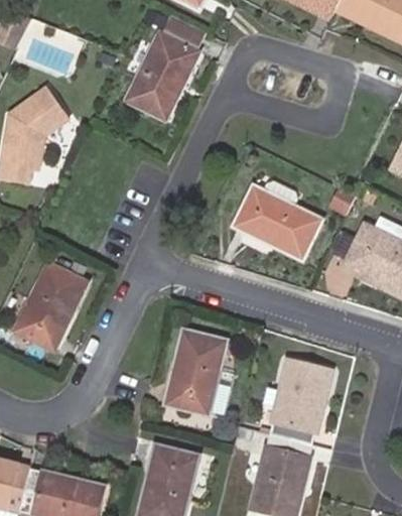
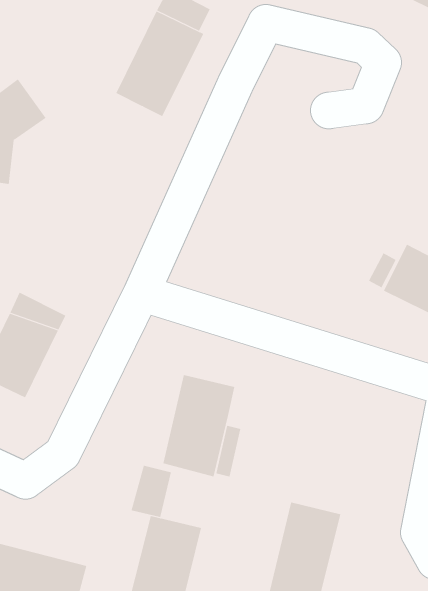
building: [233,183,329,264] -> none
building: [262,363,329,444] -> none
building: none -> [131,465,171,518]

